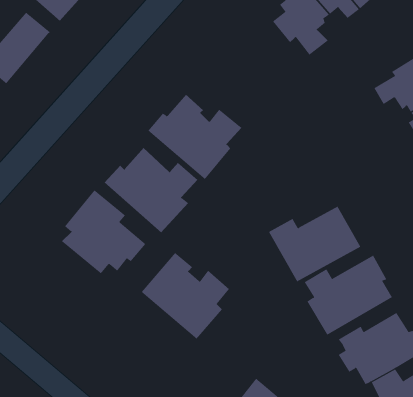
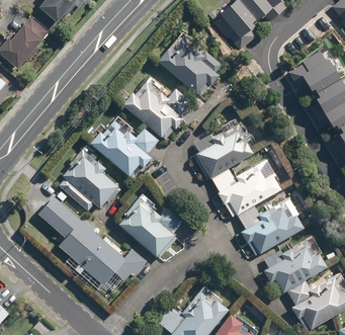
building: none -> [156,35,223,93]
building: none -> [191,122,256,181]
building: none -> [33,193,147,294]

